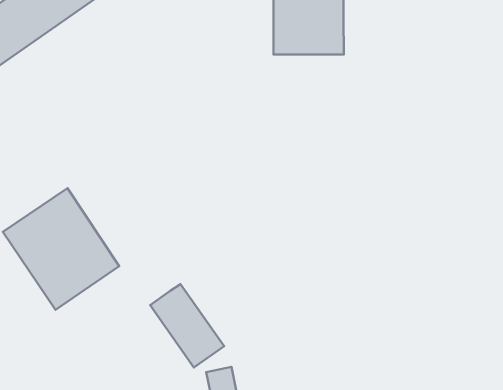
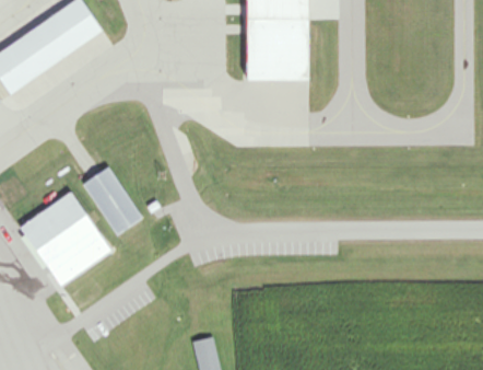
building: [150,284,224,367] -> [87,171,149,240]

